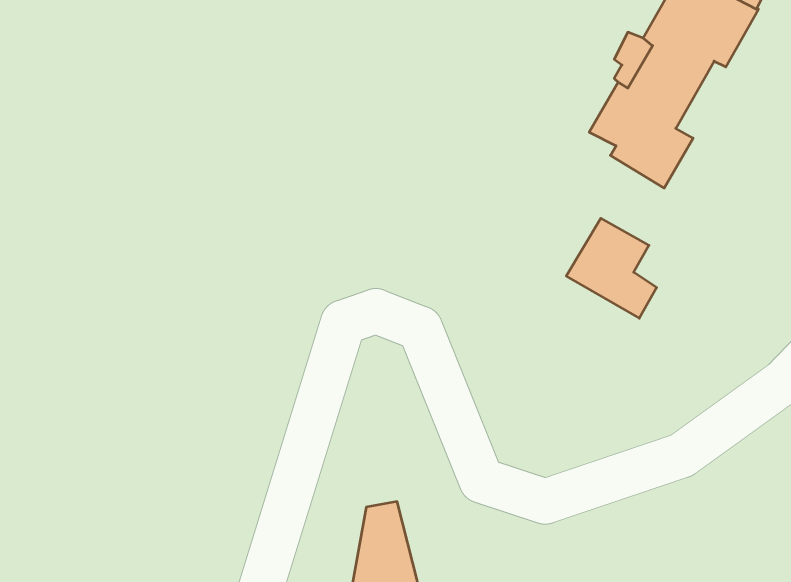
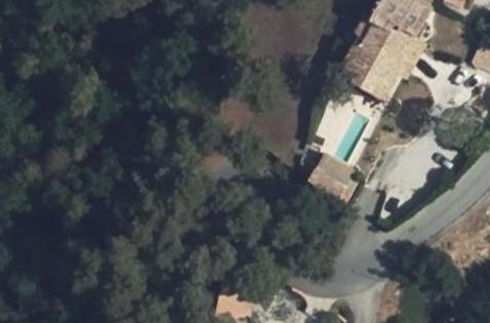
building: none -> [385,35,425,82]
building: [566,218,657,318] -> [303,155,352,208]

